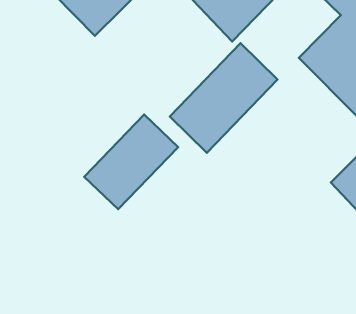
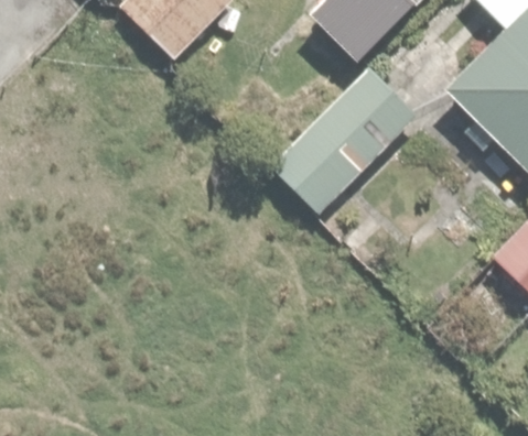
building: [84,115,178,209] -> none

